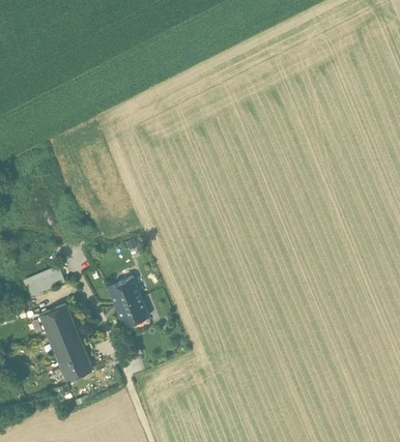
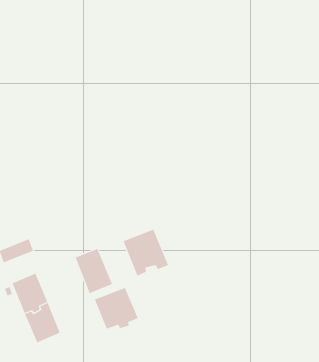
building: none -> [123,229,169,276]
building: none -> [94,287,138,330]

